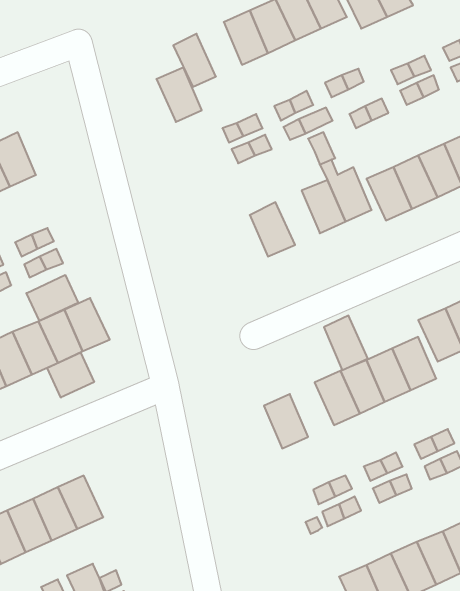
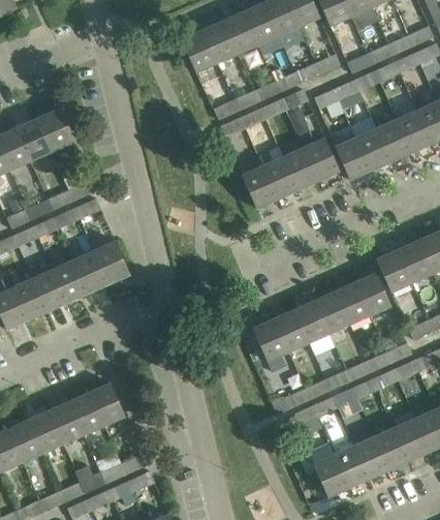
building: [156,67,202,122] -> [199,21,235,64]
building: none -> [262,155,297,198]
building: [26,275,78,321] -> none
building: [324,316,368,370] -> [274,308,309,351]
building: [47,352,94,398] -> none

